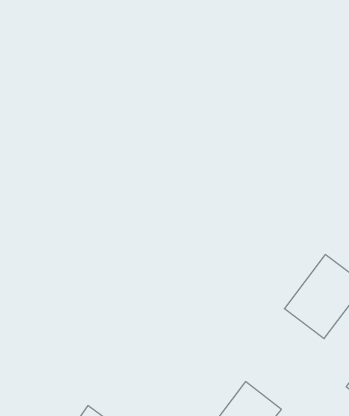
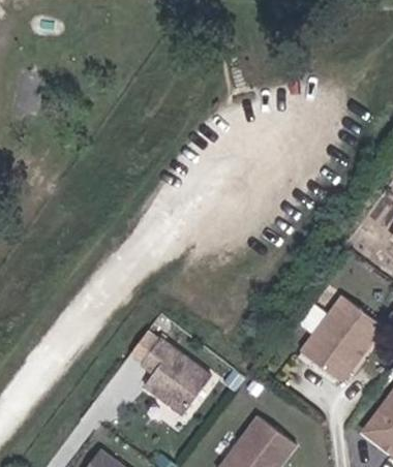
building: none -> [134,335,204,411]

